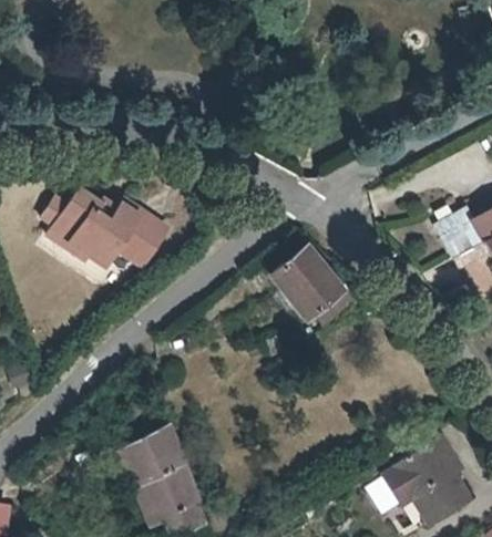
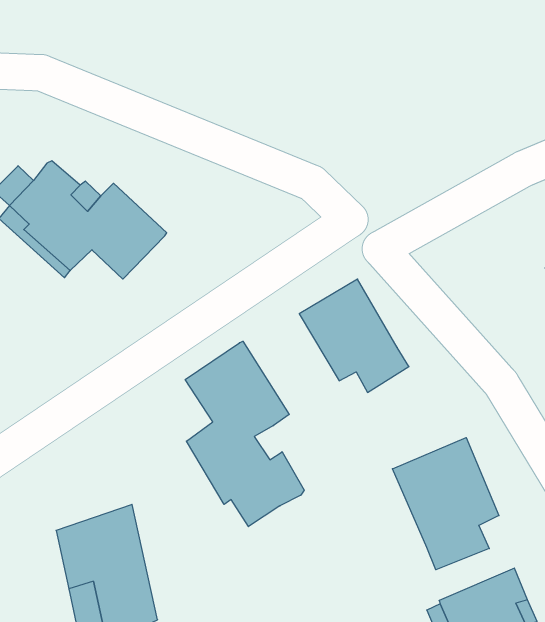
building: none -> [185,341,304,527]
building: none -> [392,438,499,570]

